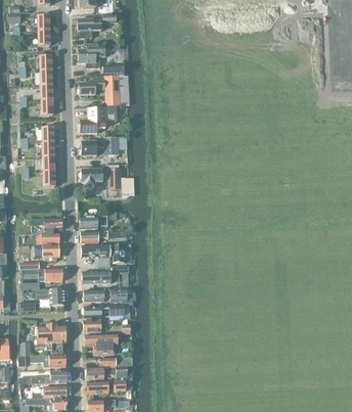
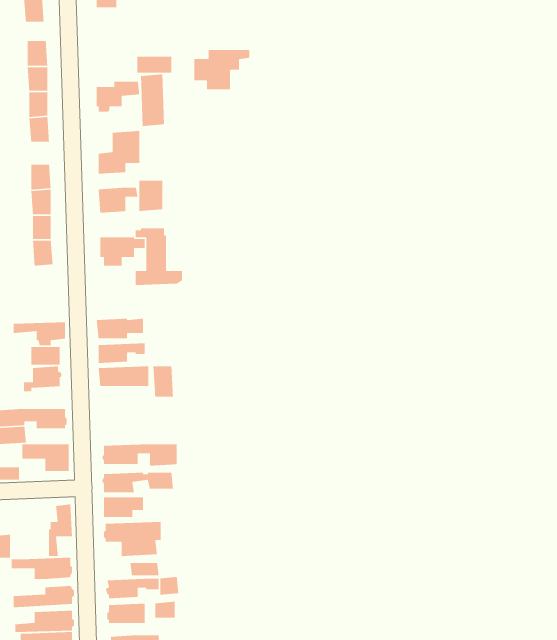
building: [79,44,112,67] -> [194,49,250,90]
building: [82,265,129,283] -> none
building: [37,324,57,350] -> none

